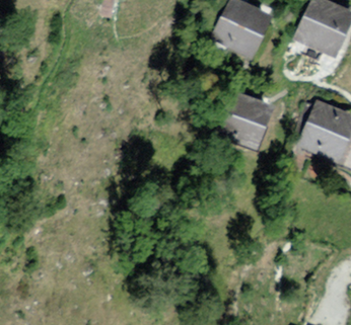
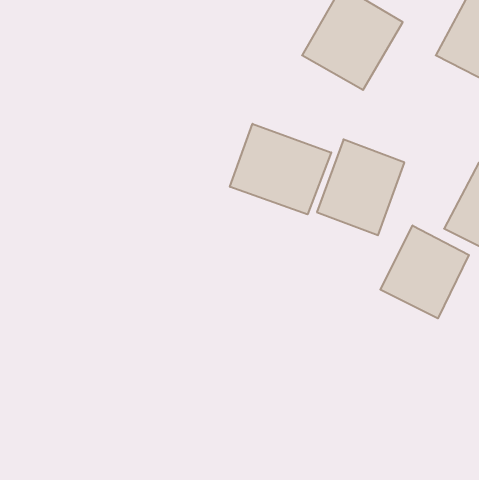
building: none -> [230,124,331,214]
building: none -> [380,225,469,318]

